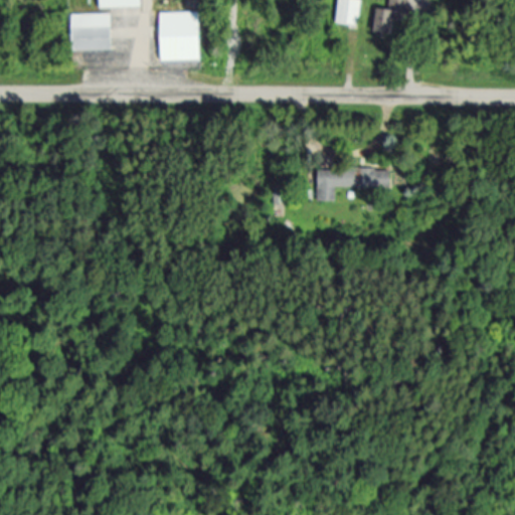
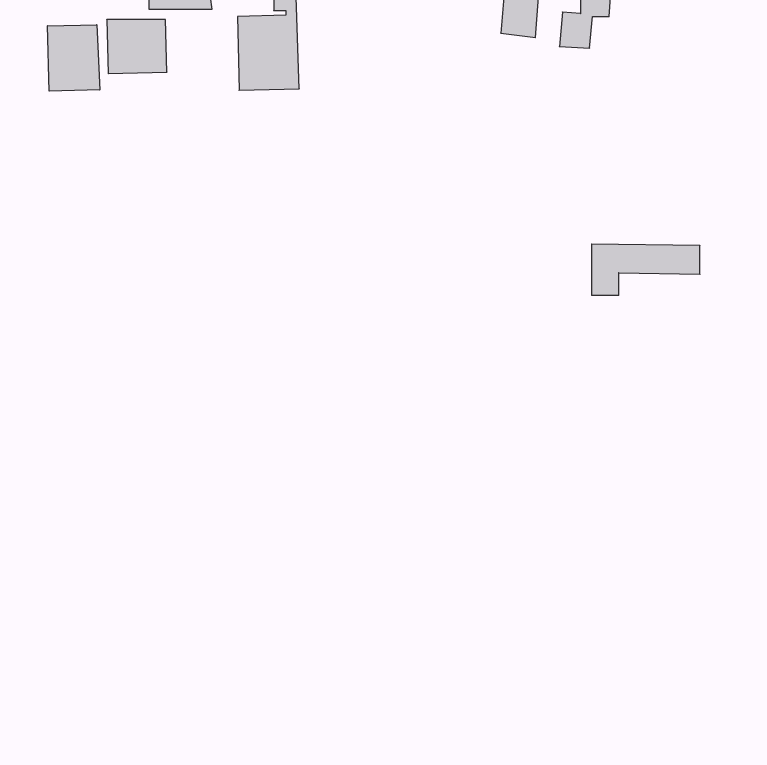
building: none -> [48,25,100,91]
building: [317,167,389,201] -> [592,244,700,295]

